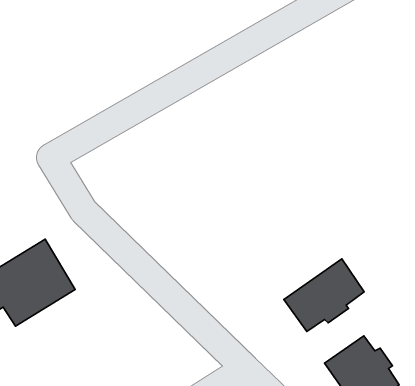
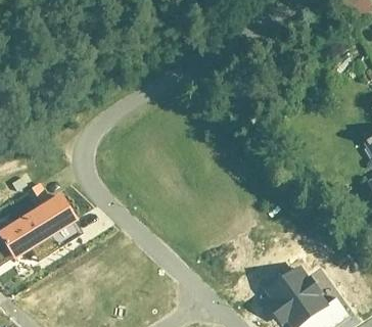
building: [284,259,364,332] -> none

